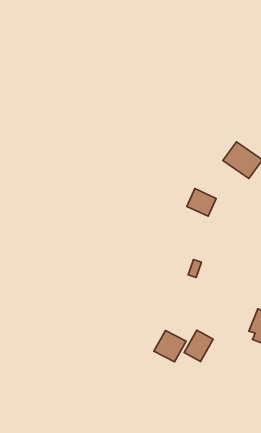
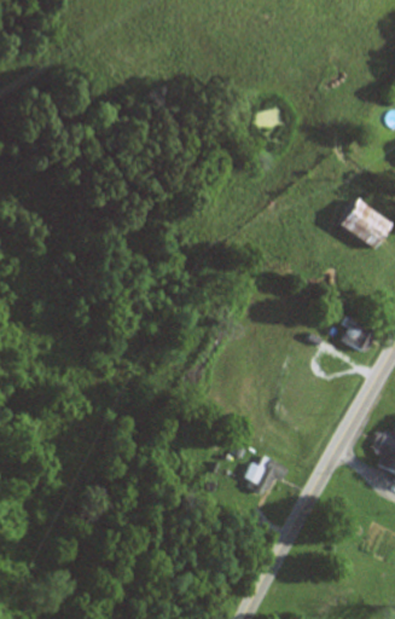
building: [187,188,216,216] -> [336,314,376,352]
building: [184,330,213,361] -> none

